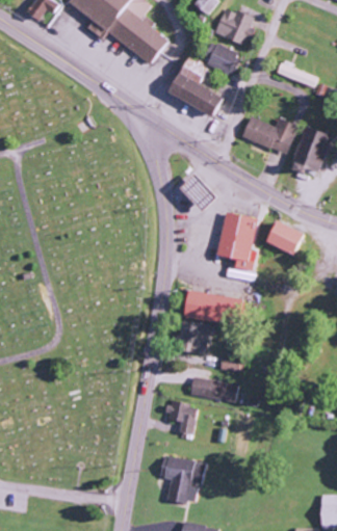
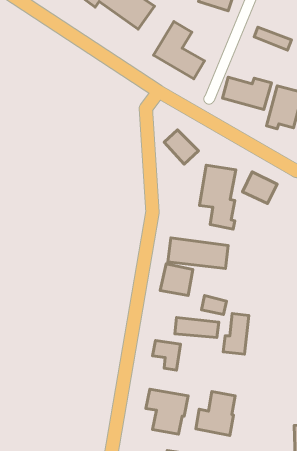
building: [204,41,242,75] -> none
building: none -> [223,313,249,354]
building: none -> [196,392,235,436]

